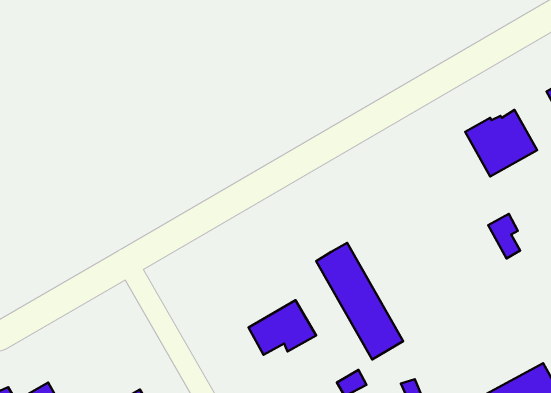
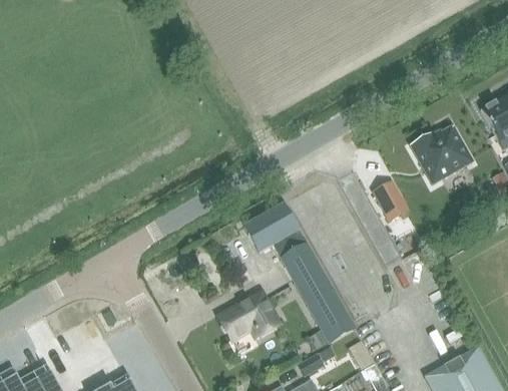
building: none -> [243,202,300,253]
building: [488,214,520,258] -> [374,180,402,220]

